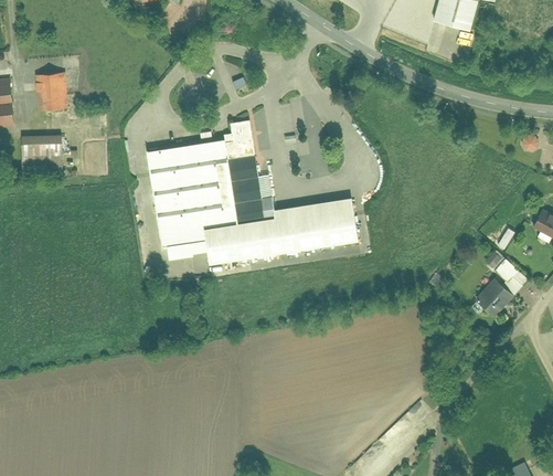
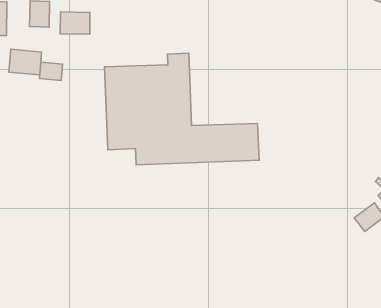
building: none -> [60,12,90,34]
building: none -> [40,62,62,80]

